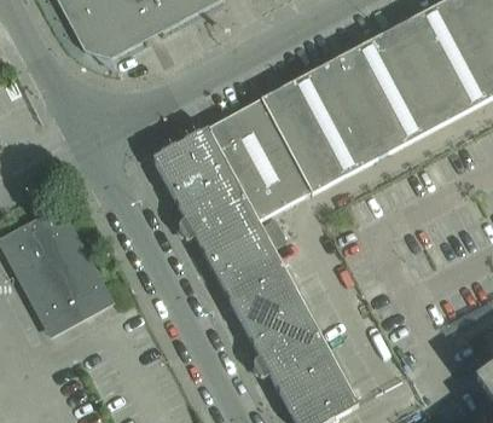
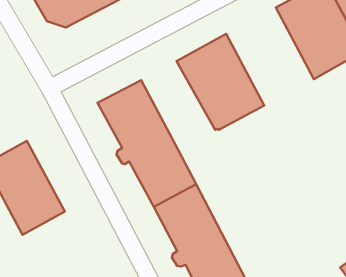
building: [324,29,441,160] -> none
building: [210,100,309,219] -> none

